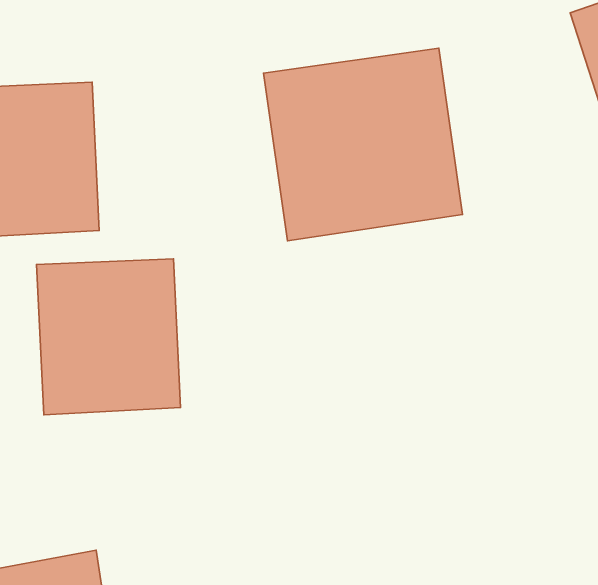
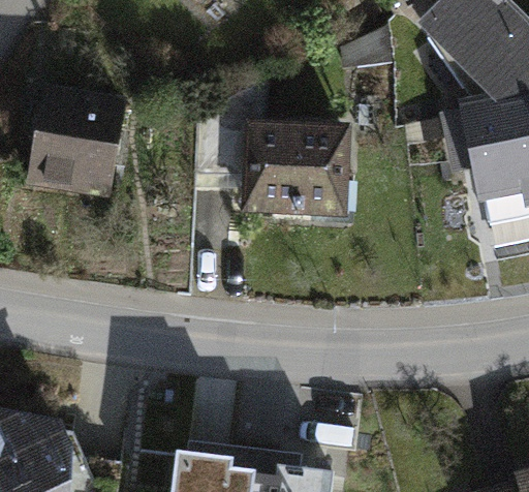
building: [37,259,181,415] -> none

